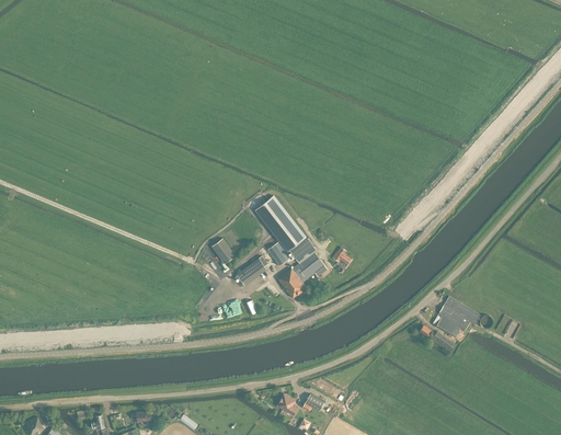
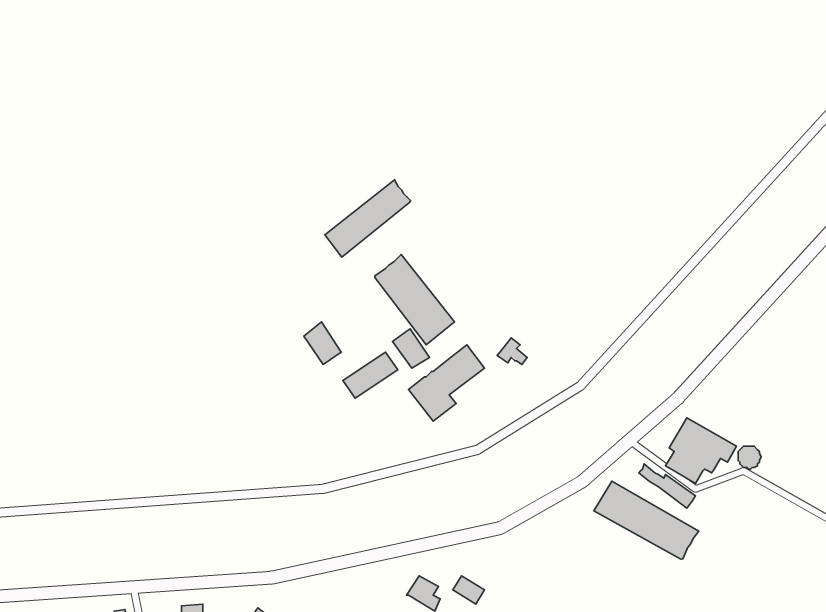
building: none -> [325,180,411,257]
building: none -> [594,481,699,559]

